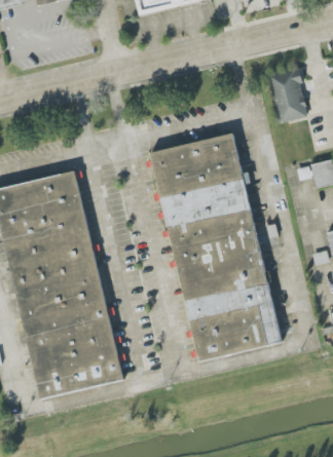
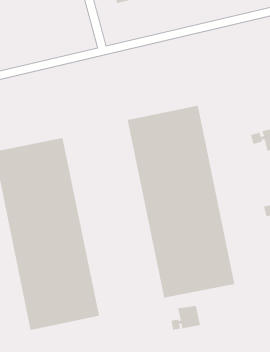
building: [267,67,306,123] -> none
building: none -> [171,305,201,330]

